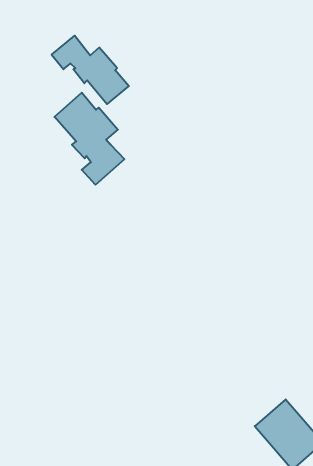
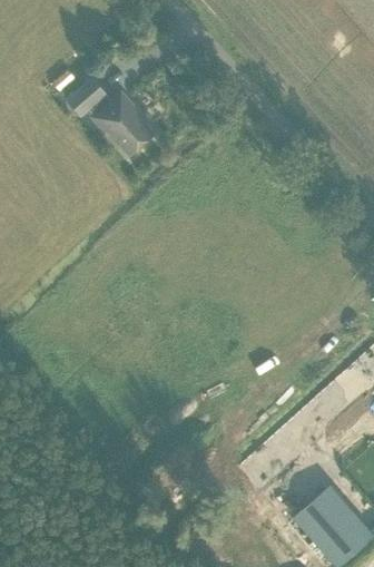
building: [54,93,124,185] -> none

